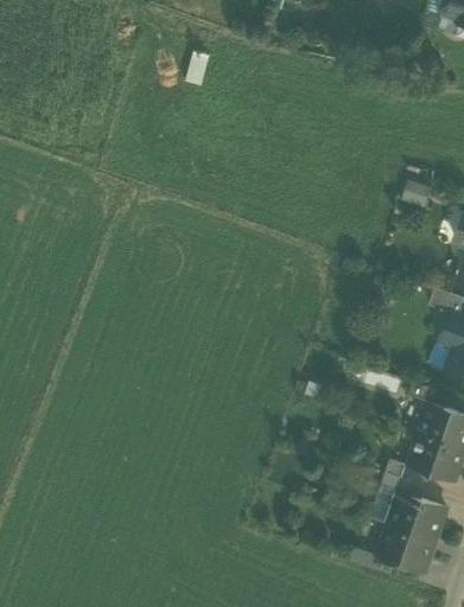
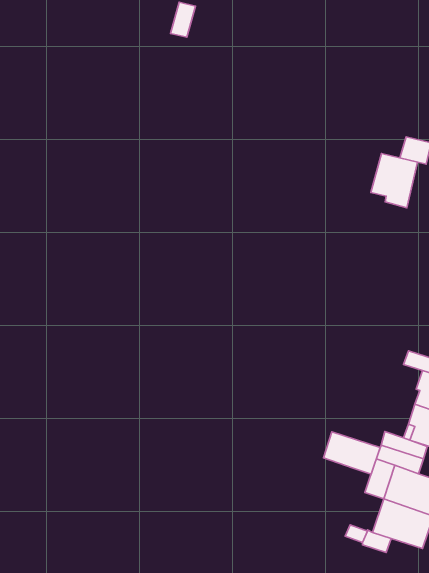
building: none -> [371,153,418,208]
building: none -> [323,432,380,474]

